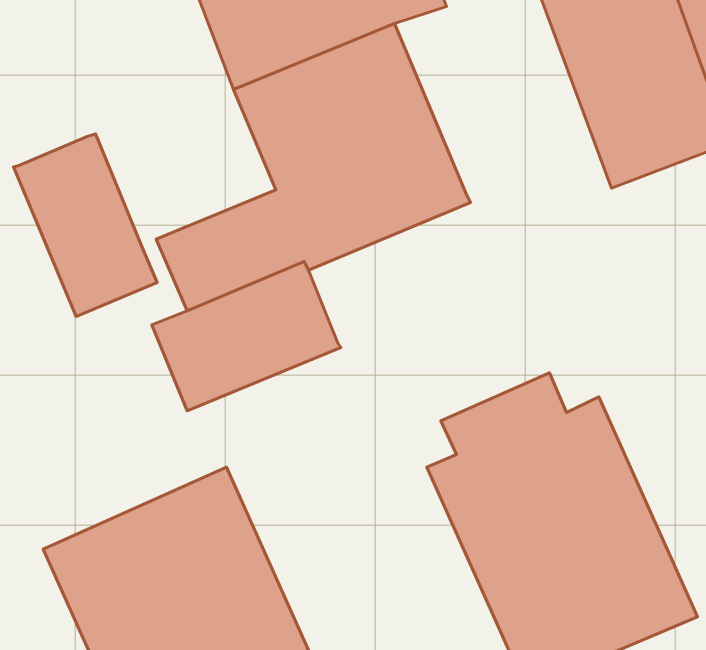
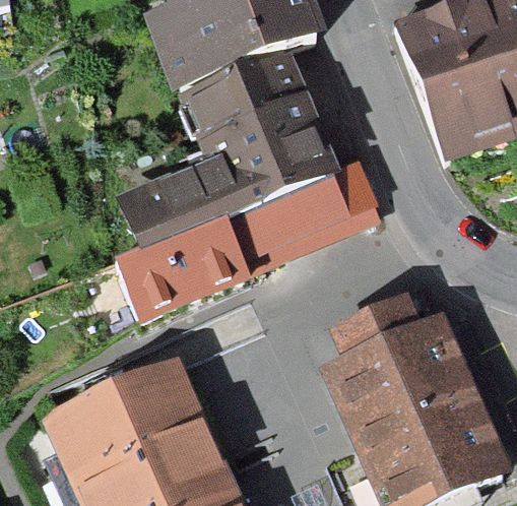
building: [14,134,157,316] -> none
building: none -> [230,157,383,272]

